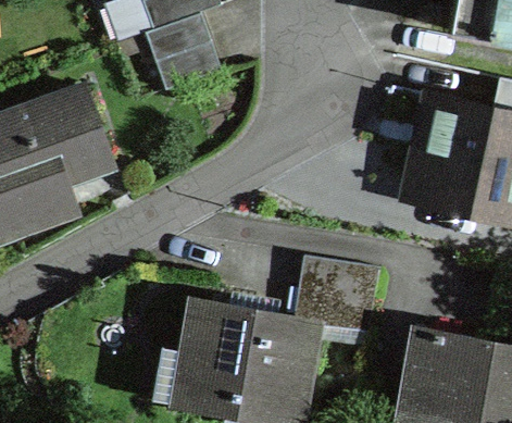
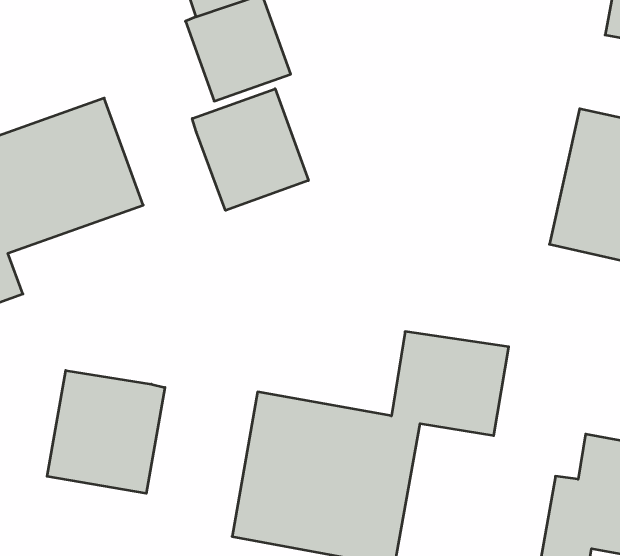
building: none -> [192,89,308,210]
building: none -> [47,370,165,493]

